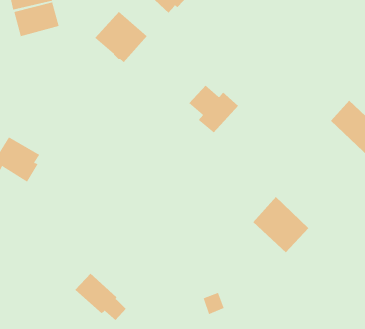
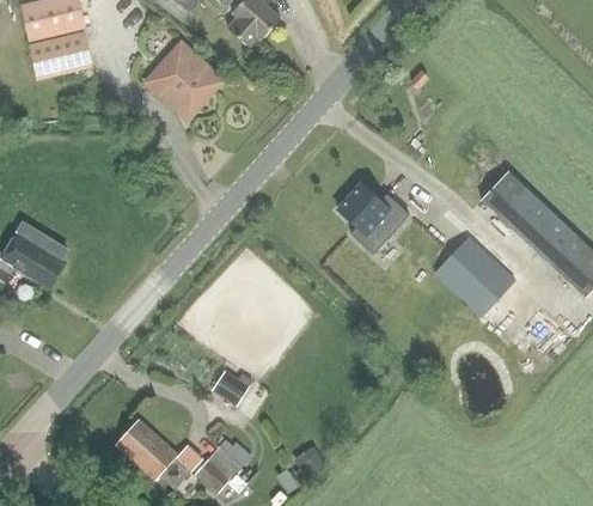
building: [189,85,239,133] -> [337,183,409,252]
building: [252,196,309,253] -> [434,234,515,316]
building: none -> [212,368,250,406]
building: none -> [196,443,242,489]

